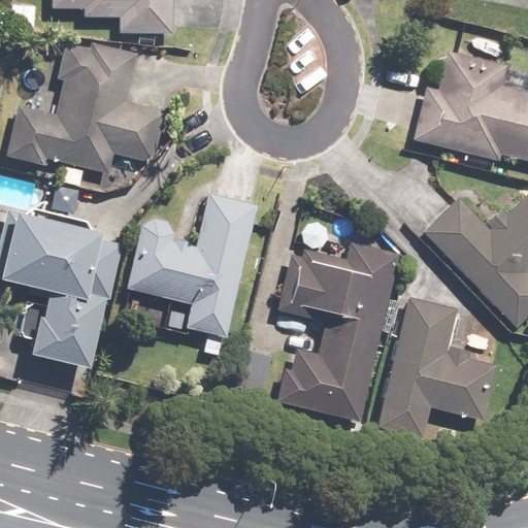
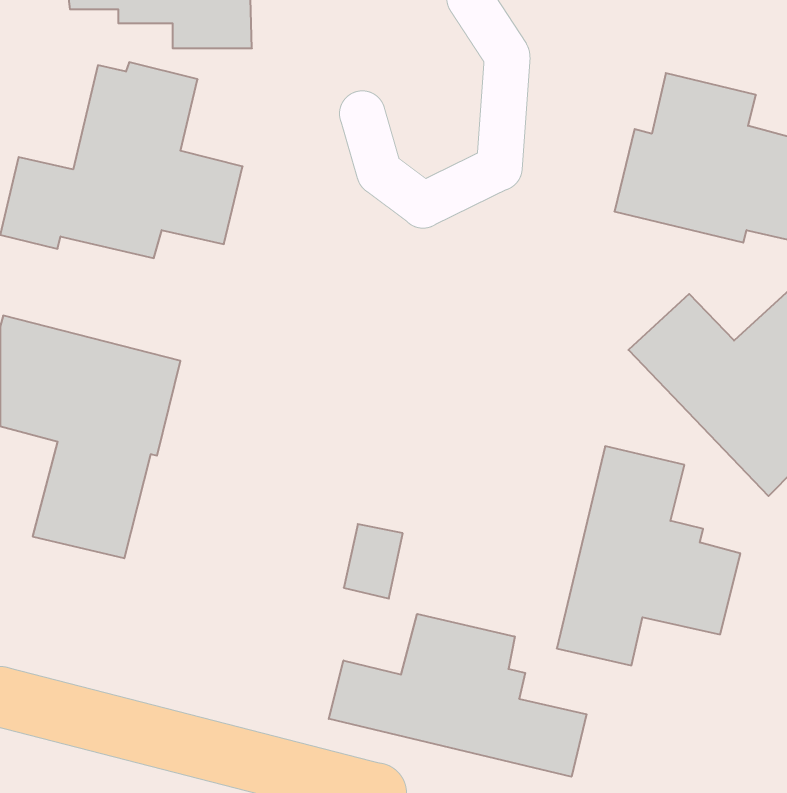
building: [126,193,259,340] -> none
building: [273,240,400,422] -> none
building: none -> [329,614,587,777]

